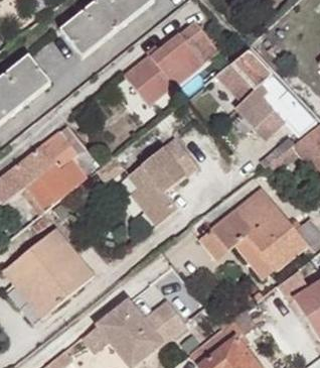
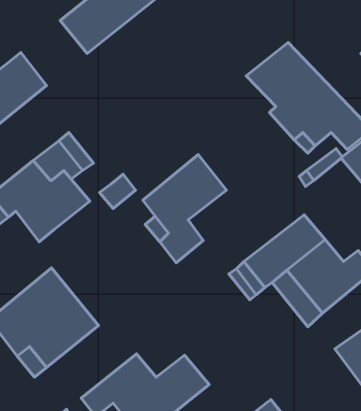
building: [127,19,219,101] -> none

